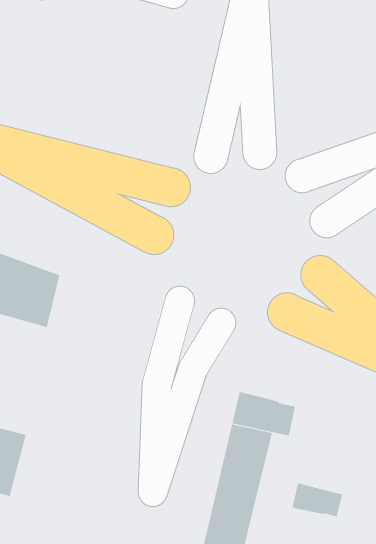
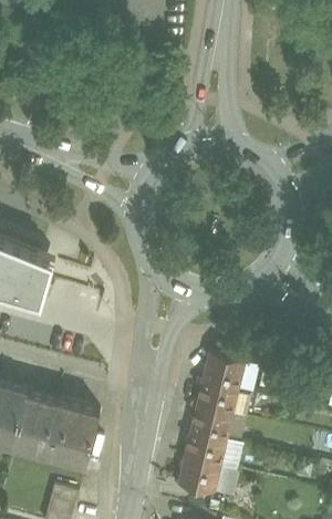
building: none -> [12,398,100,469]
building: [292,483,343,517] -> none

